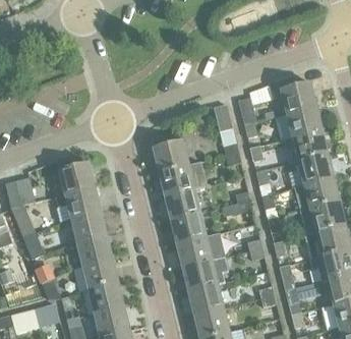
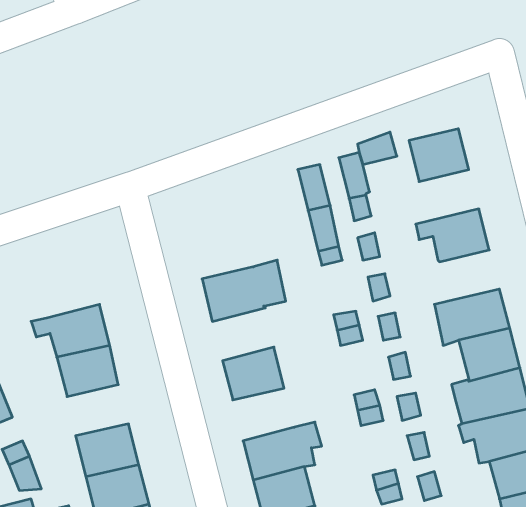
building: [286,106,321,136] -> none
building: [151,139,187,171] -> none
building: [288,154,334,184] -> none
building: [58,162,96,194] -> none
building: [163,188,199,220] -> none
building: [76,234,113,265] -> none
building: [175,236,212,268] -> none

